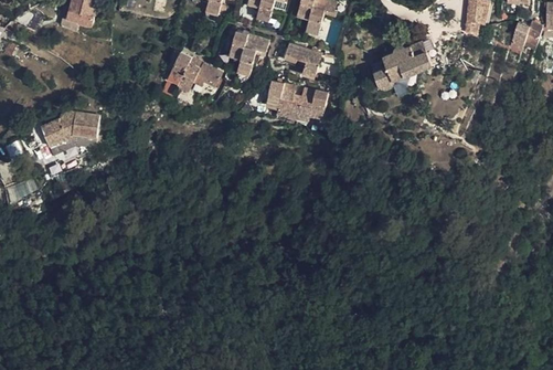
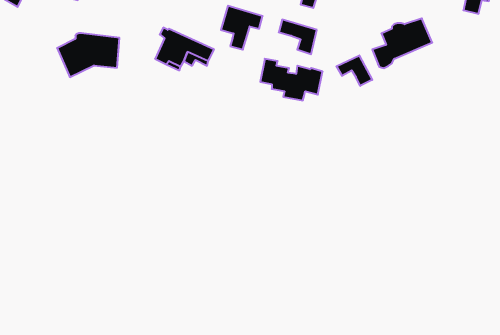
building: none -> [336,55,372,86]
building: [43,112,103,154] -> [57,33,119,77]

